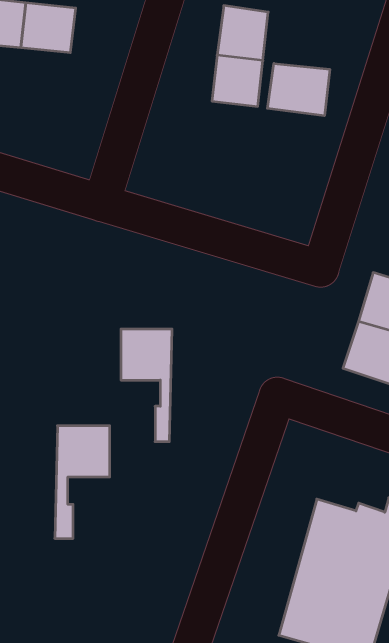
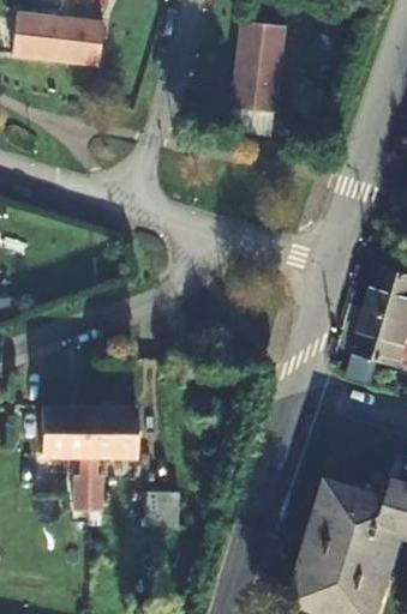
building: [267,63,330,116] -> none
building: [121,329,172,442] -> [42,407,89,510]
building: none -> [148,492,182,528]

